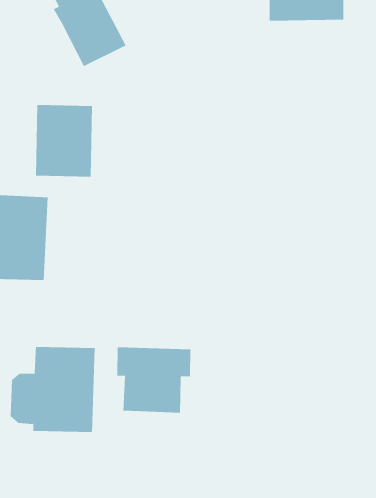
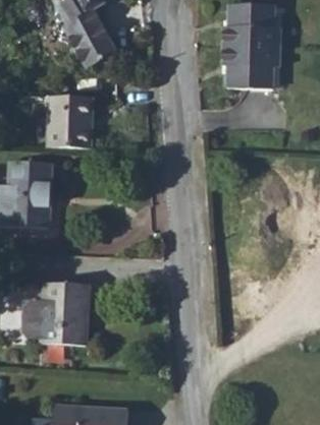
building: none -> [222,33,280,74]
building: [117,346,191,413] -> none

